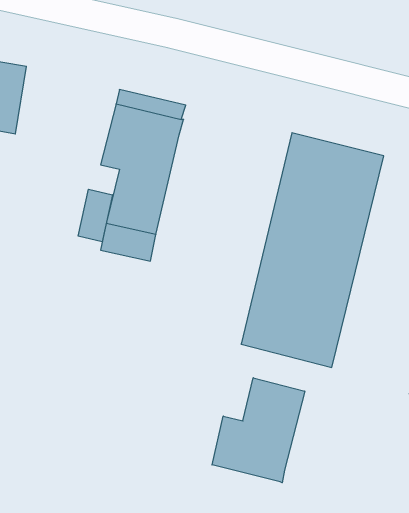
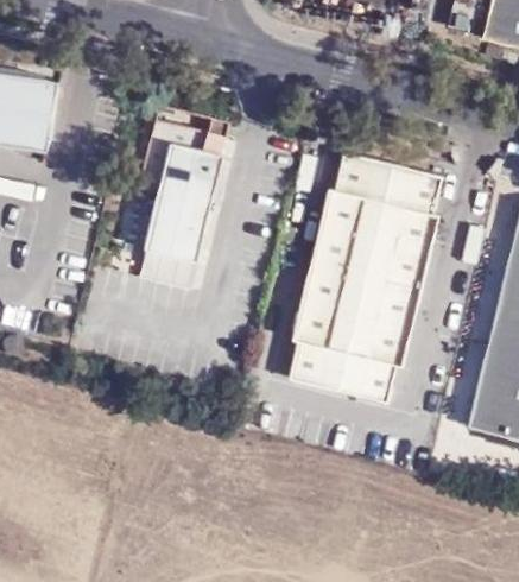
building: [78,189,112,242] -> none
building: [212,378,305,483] -> none

